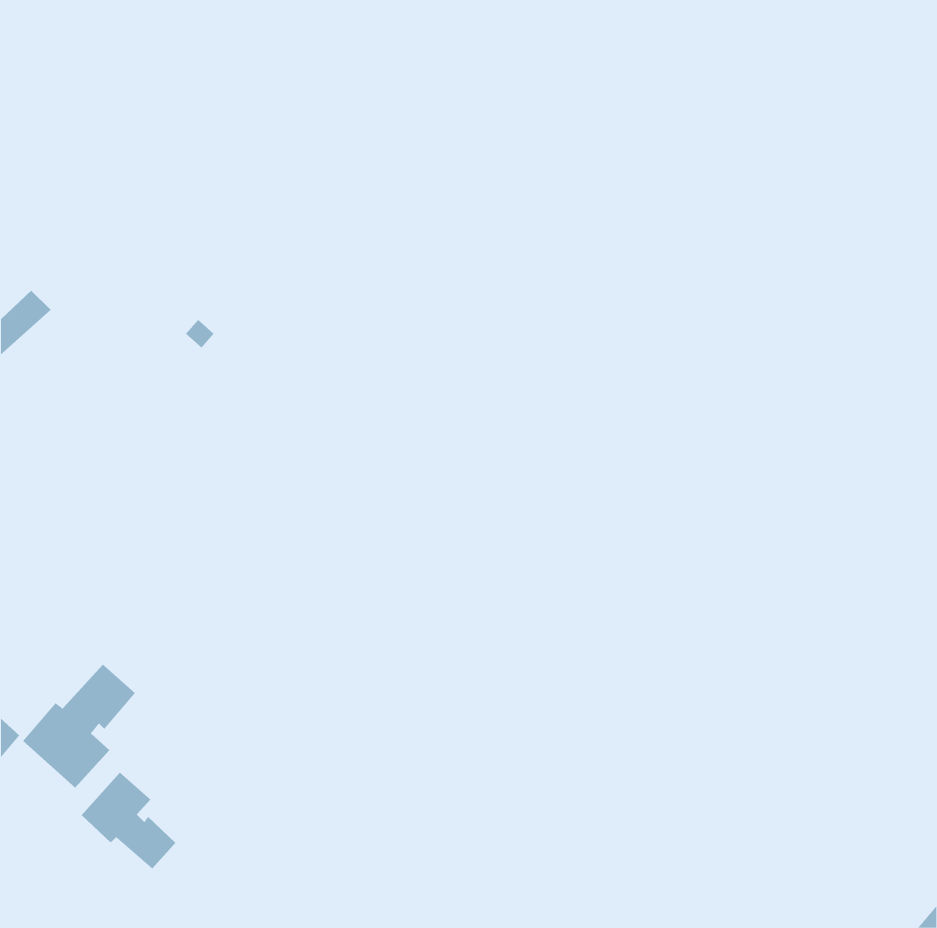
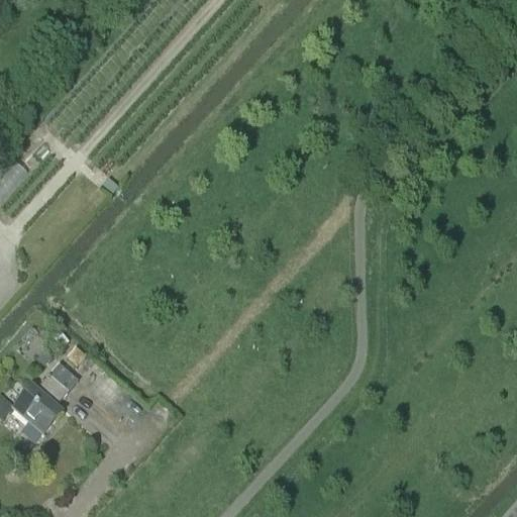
building: [81,772,176,870] -> none

